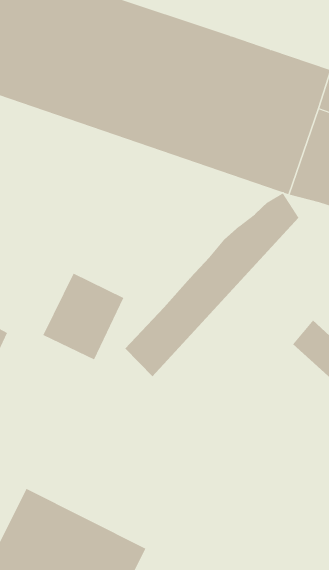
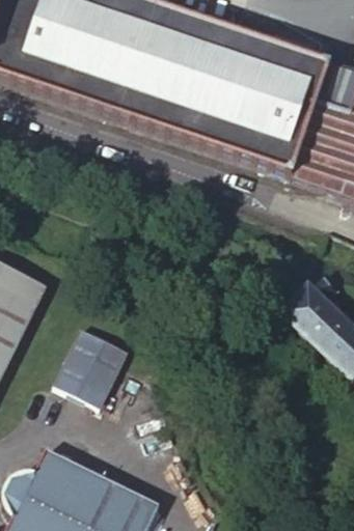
building: [125,193,299,377] -> none
building: [43,273,124,360] -> [54,327,129,407]

